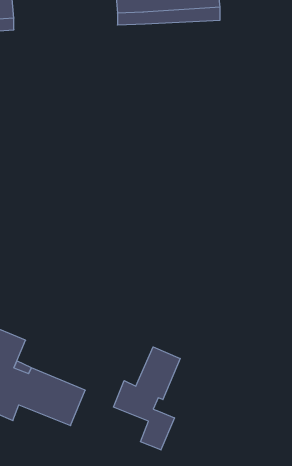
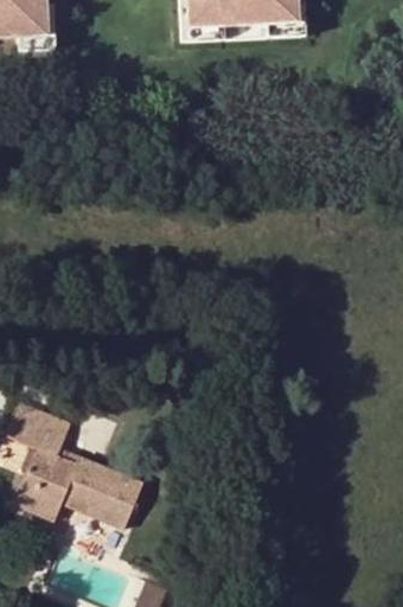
building: [113,347,180,450] -> none

